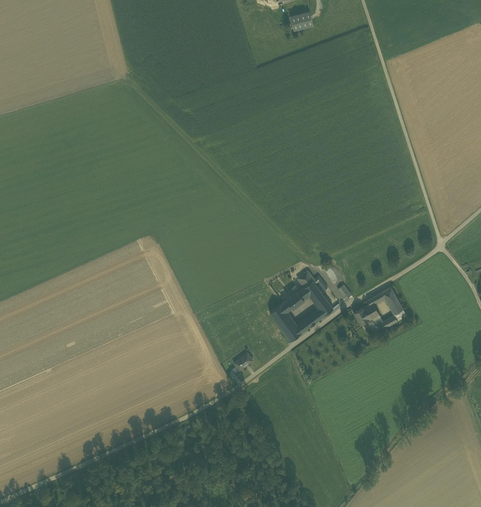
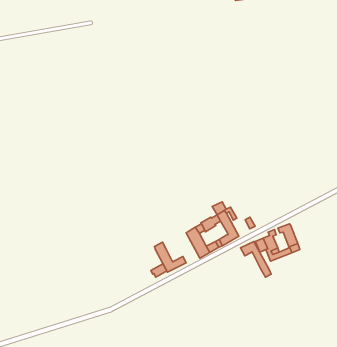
building: none -> [240,242,271,277]
building: none -> [154,242,186,272]

